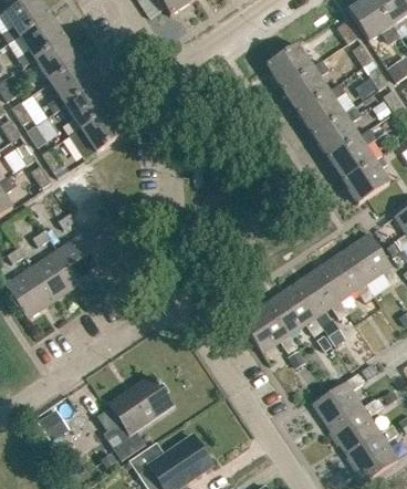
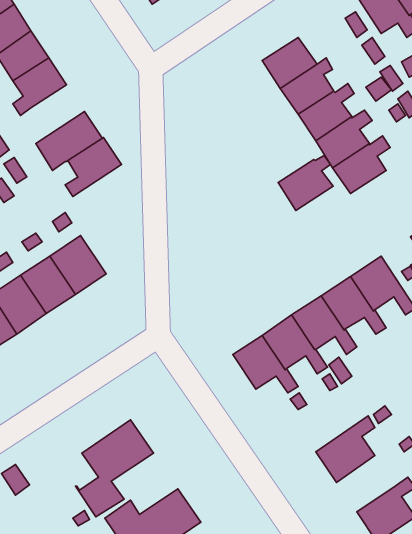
building: [63,85,112,136] -> [65,138,121,196]
building: [342,156,389,204] -> [278,156,333,211]
building: [330,399,380,455] -> none

